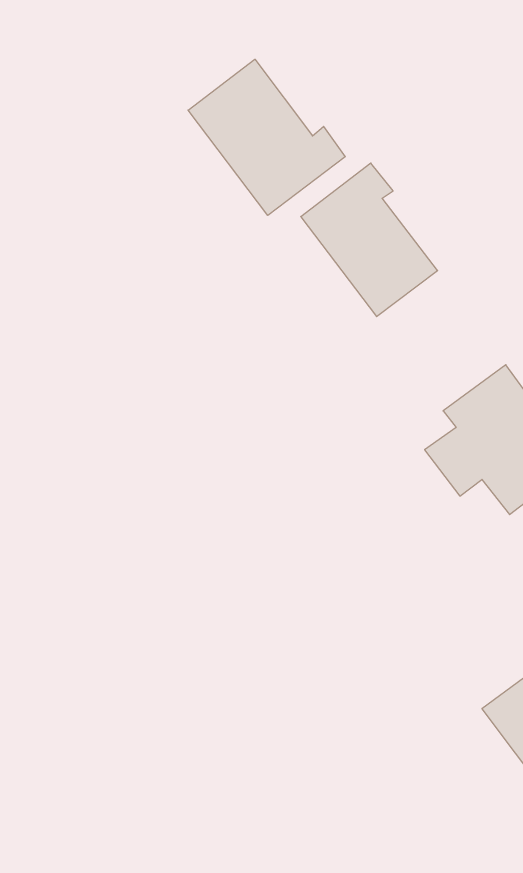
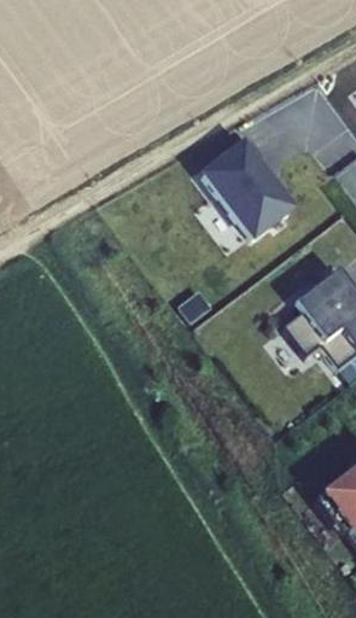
building: [188,59,345,215] -> none

